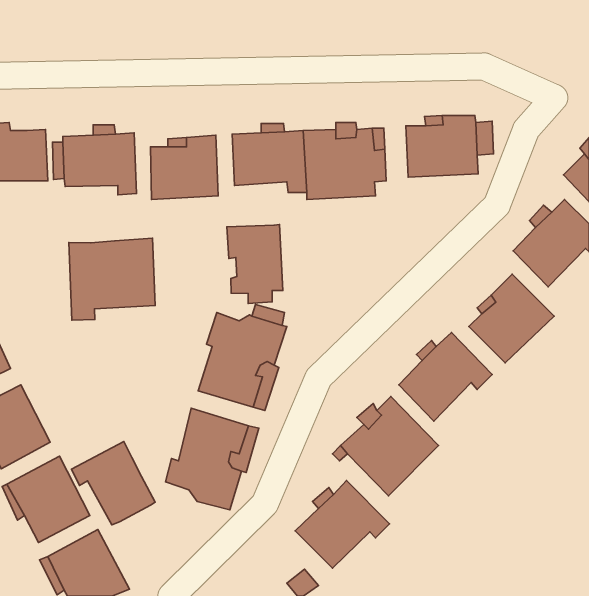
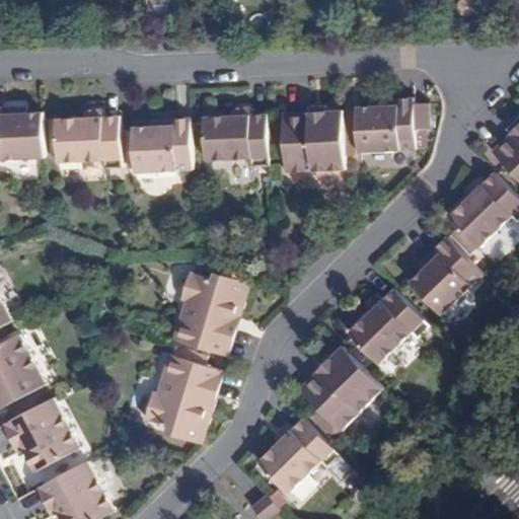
building: [227,224,283,303] -> none
building: [69,238,155,320] -> none
building: [72,441,155,525] -> none

